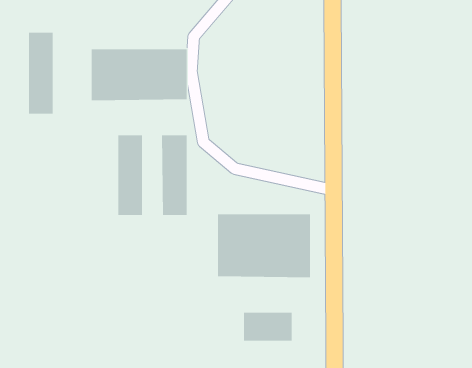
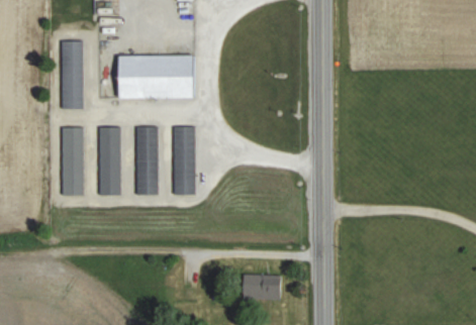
building: none -> [99,126,120,195]
building: none -> [62,127,83,195]
building: [217,213,311,278] -> none

